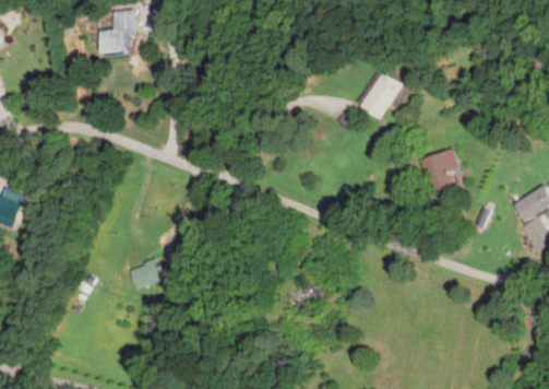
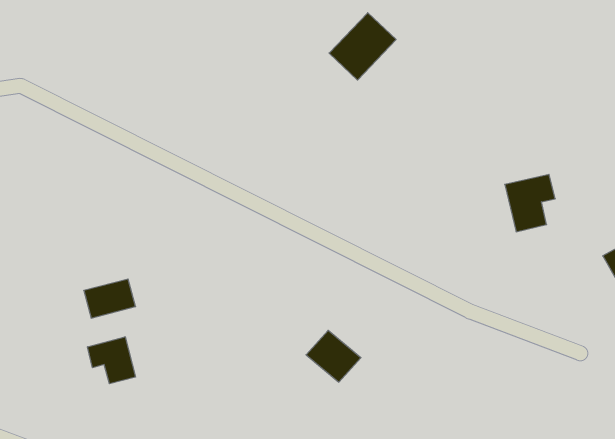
building: [359,68,407,118] -> [329,13,396,80]
building: none -> [88,337,135,384]

